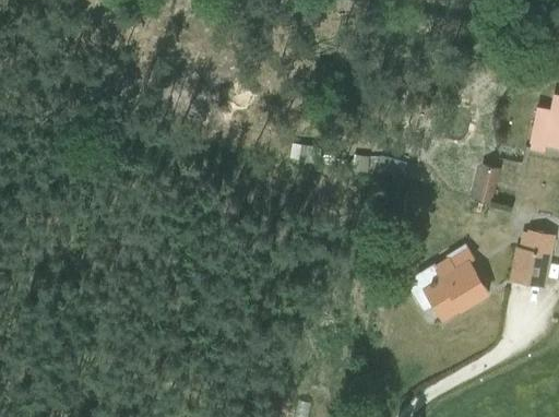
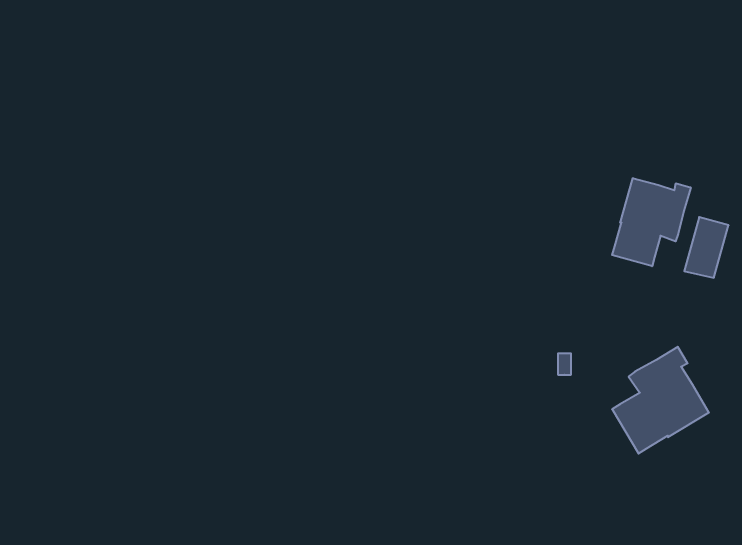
building: none -> [612,178,691,266]

